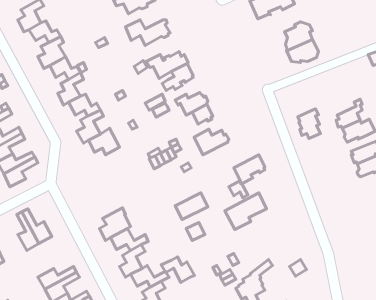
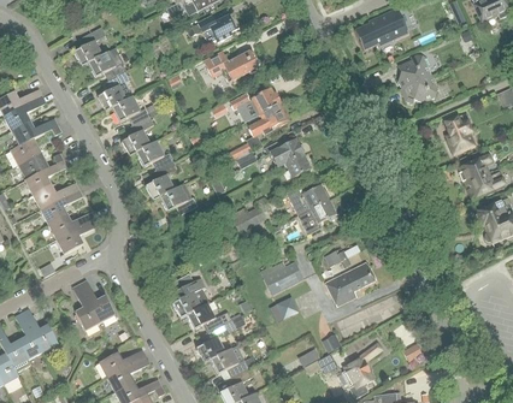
building: [298,109,321,139] -> [444,112,472,148]
building: [234,155,265,184] -> [297,198,335,233]
building: [161,257,194,283] -> none

